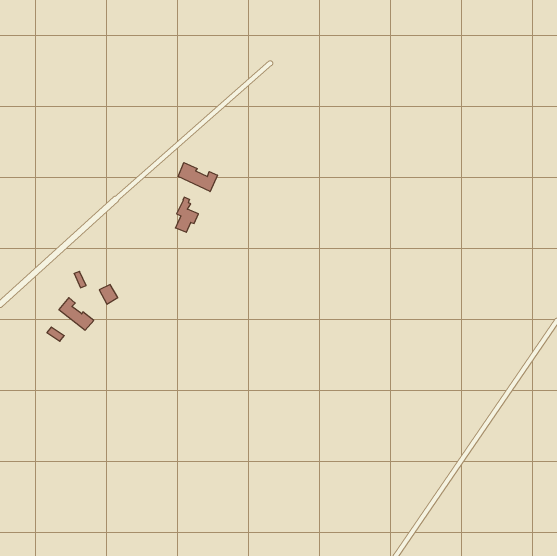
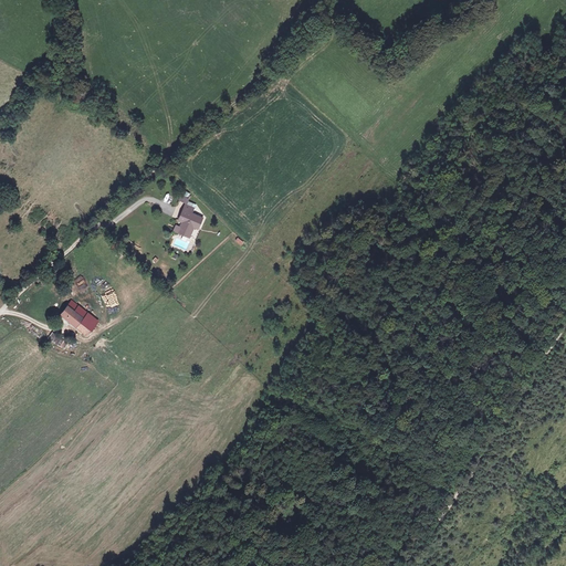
building: [178,163,217,192] -> none

